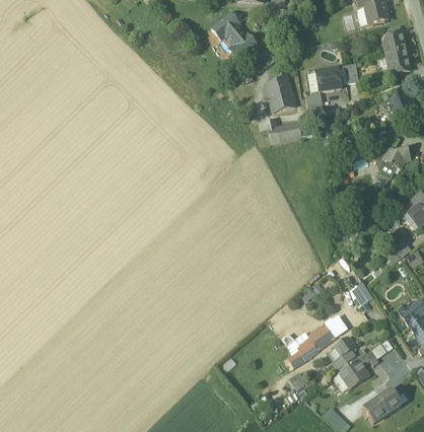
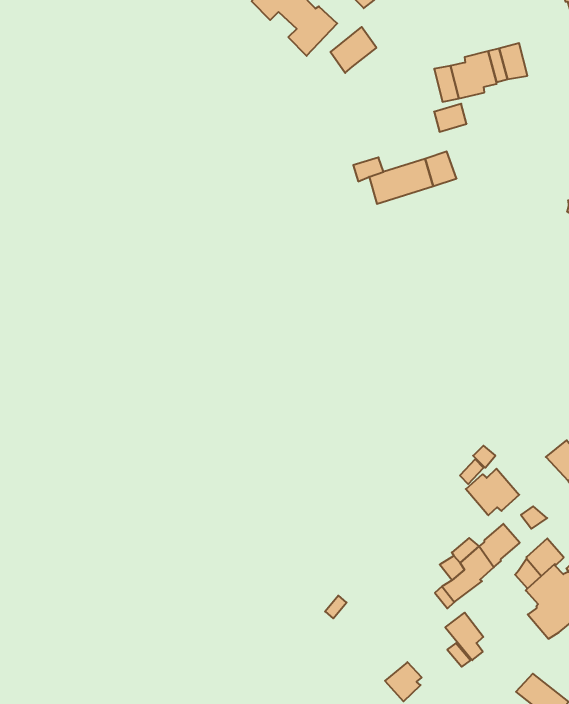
building: [266,73,295,113] -> none
building: none -> [466,469,519,515]

